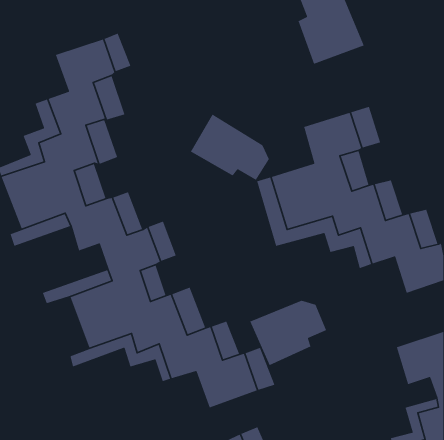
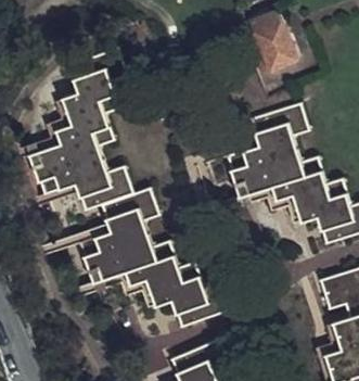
building: [190,113,270,181] -> none
building: [249,300,327,366] -> none

